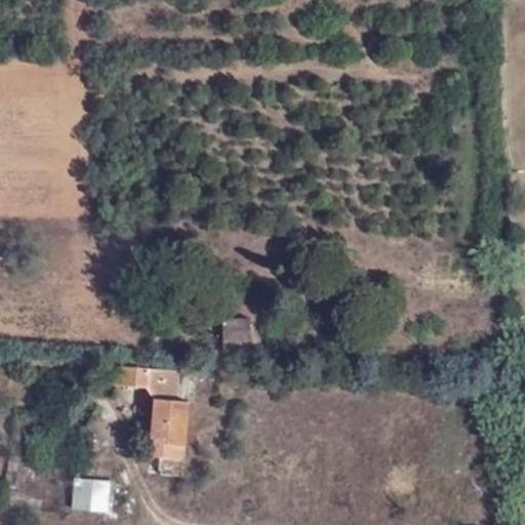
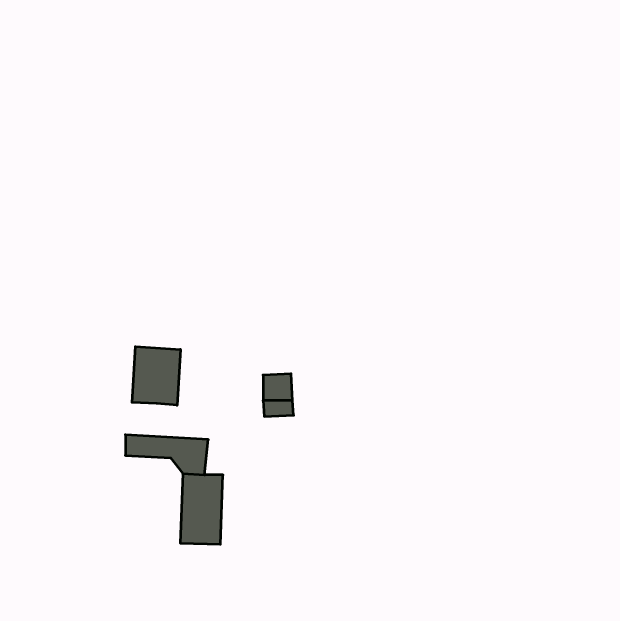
building: none -> [132,347,180,405]
building: [71,479,109,513] -> none

